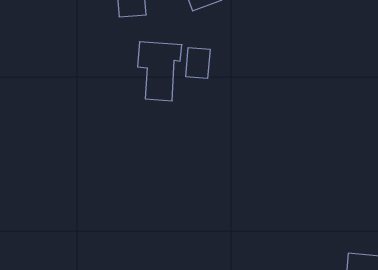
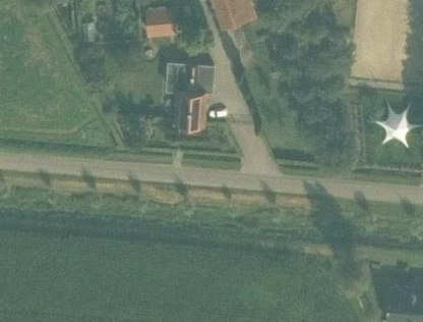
building: [186,48,210,78] -> none

